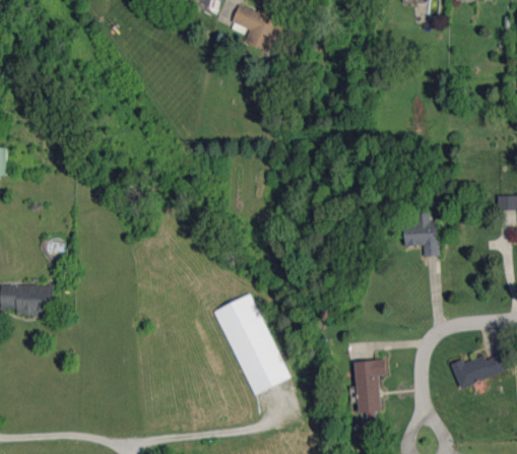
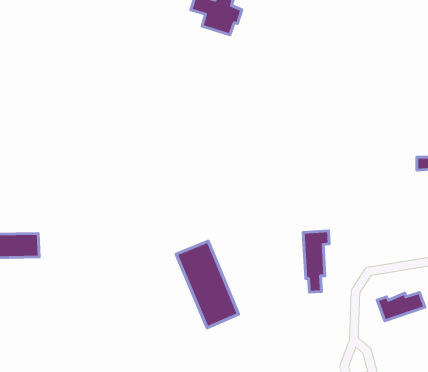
building: [404,213,439,257] -> none
building: [356,360,386,432] -> [303,231,329,292]

